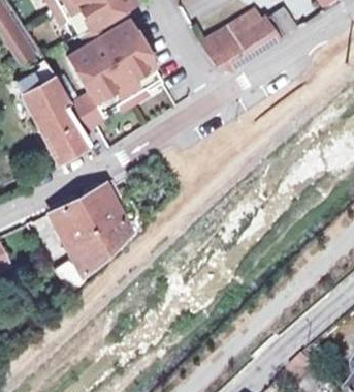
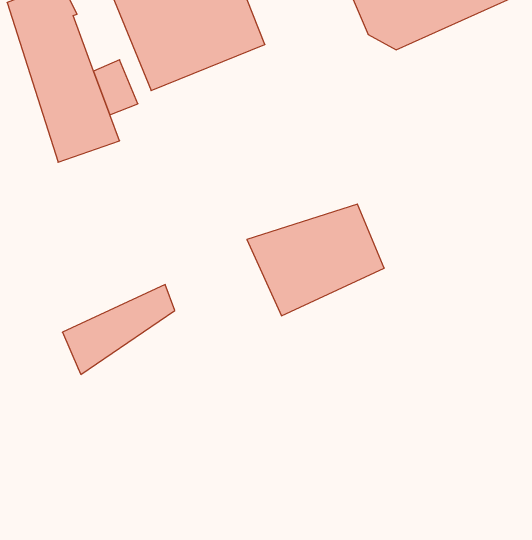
building: [47,184,125,251] -> [247,204,384,316]

